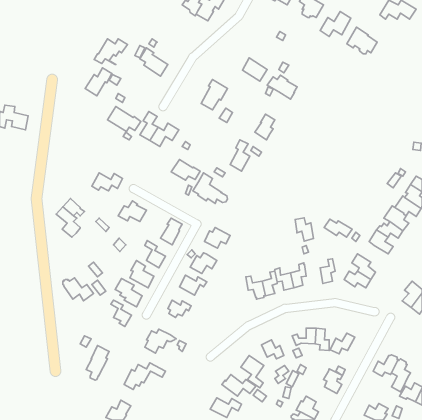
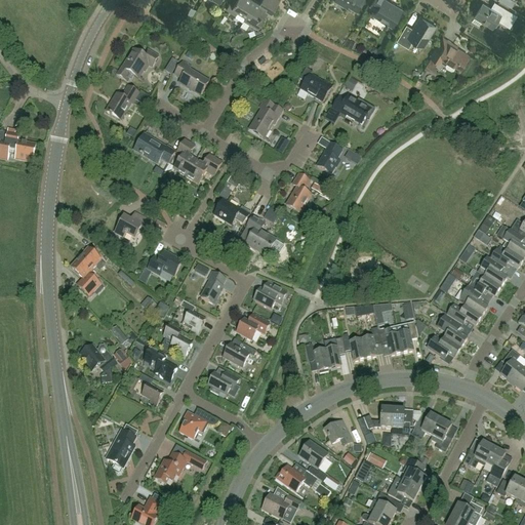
building: [295,218,313,241] -> [377,326,400,355]
building: [324,219,352,237] -> [446,302,481,325]
building: none -> [429,417,451,451]
building: none -> [386,476,417,500]

